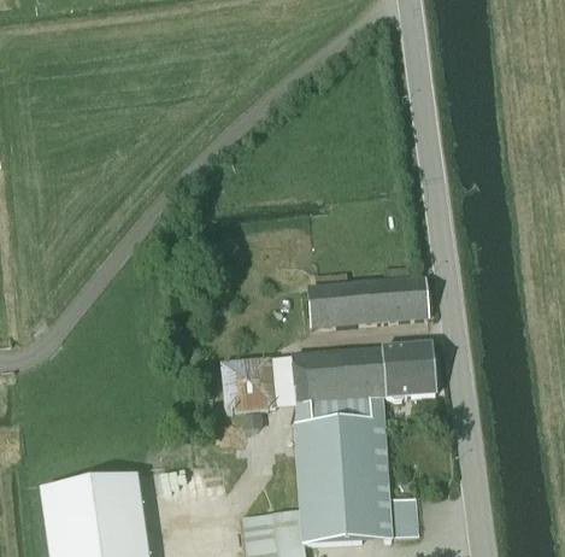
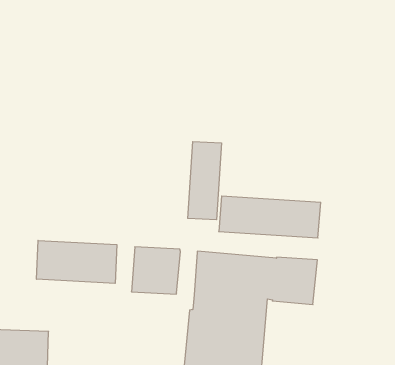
building: none -> [188,142,221,220]
building: none -> [37,240,117,283]

